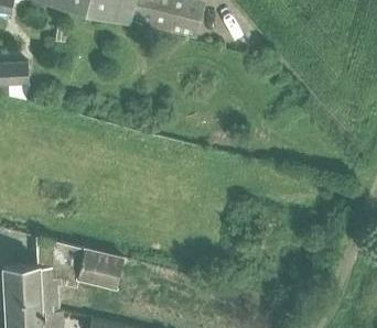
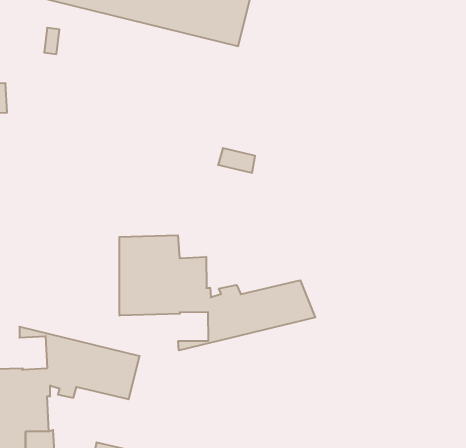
building: none -> [119,235,315,350]

